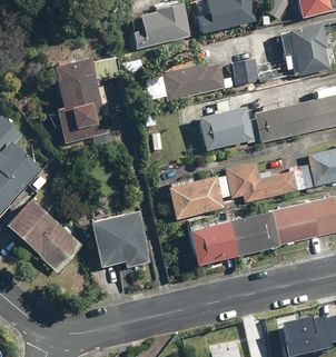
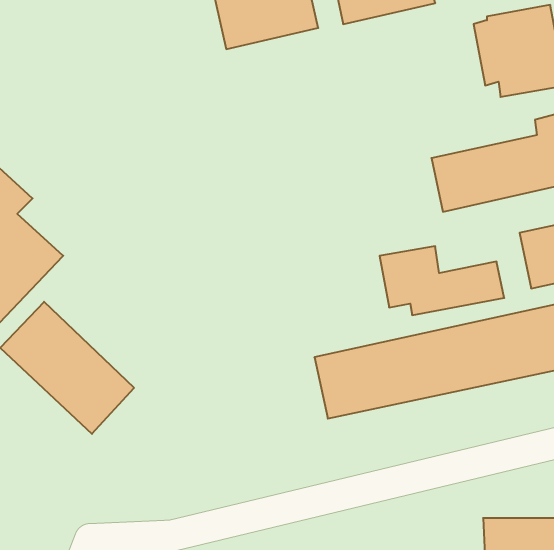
building: [53,54,110,145] -> none
building: [231,57,259,79] -> none
building: [160,62,225,100] -> none
building: [198,105,253,149] -> none
building: [168,176,224,219] -> none
building: [90,208,151,267] -> none

